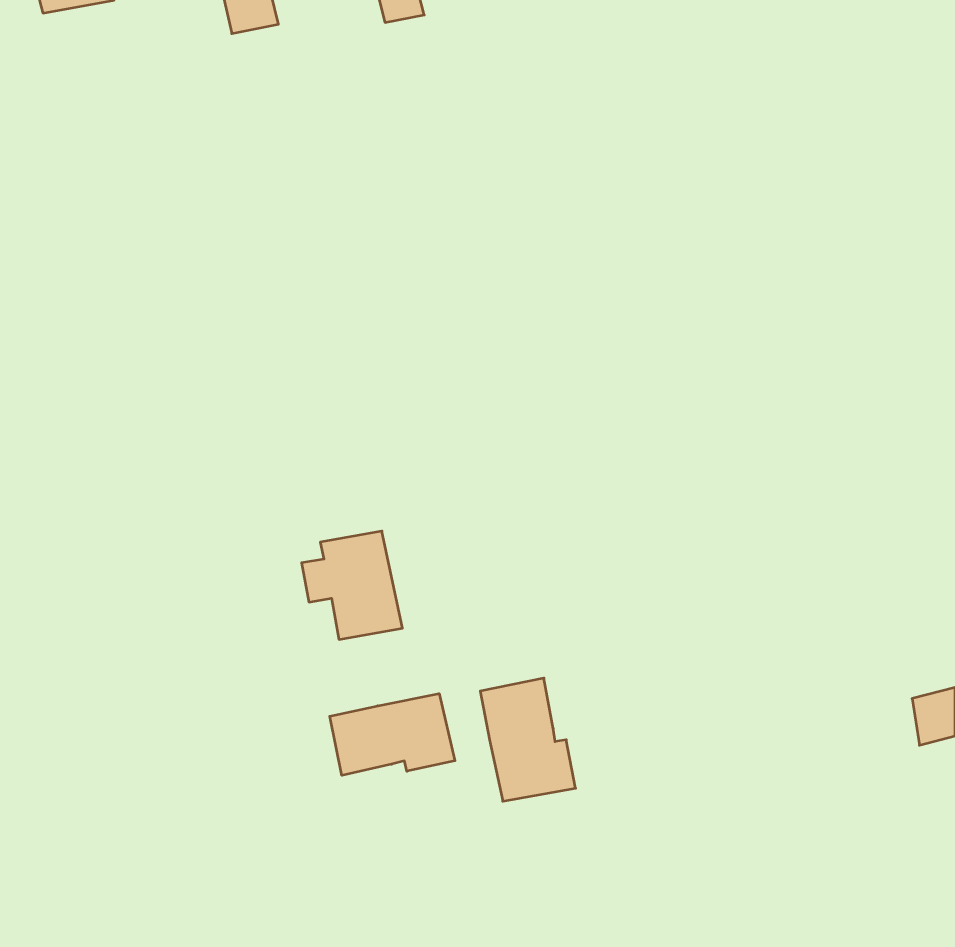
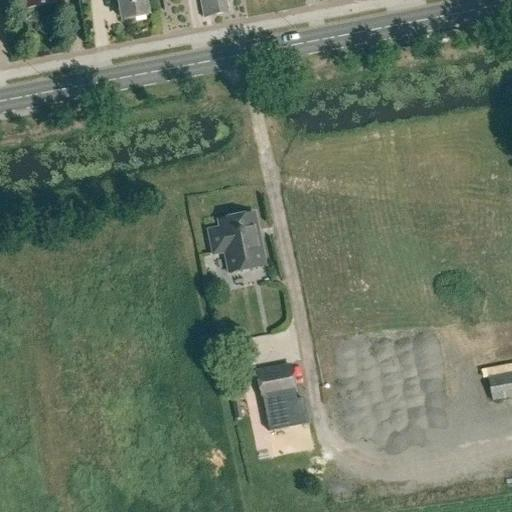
building: [302,531,402,639] -> [210,212,264,270]
building: [330,694,455,775] -> none

